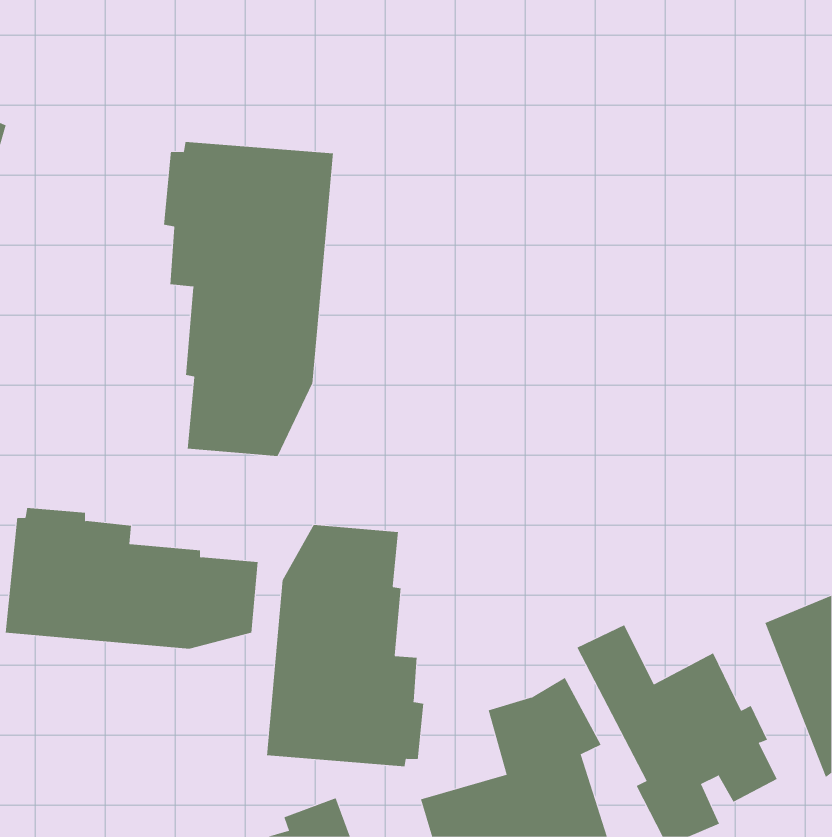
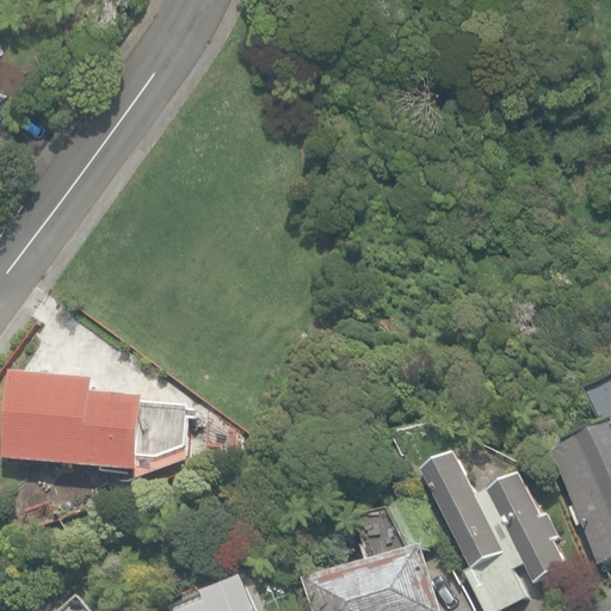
building: [163,141,333,457] -> none
building: [267,524,424,767] -> none

